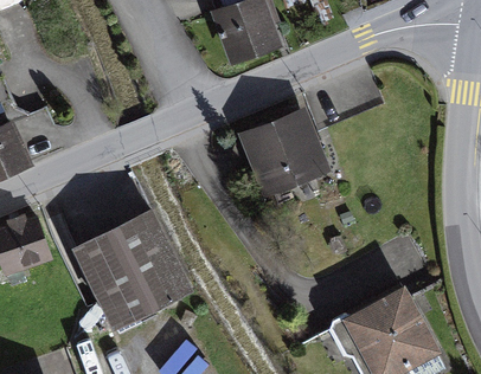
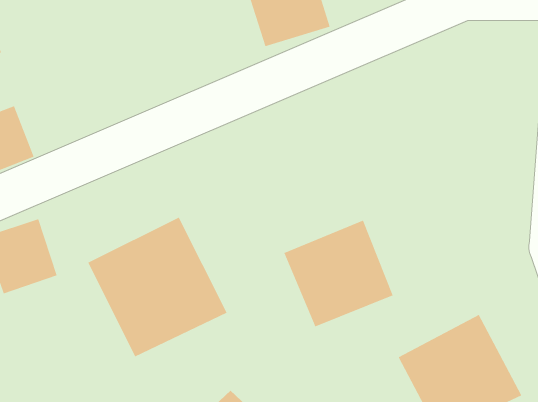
building: [242,104,333,193] -> [283,220,393,327]

